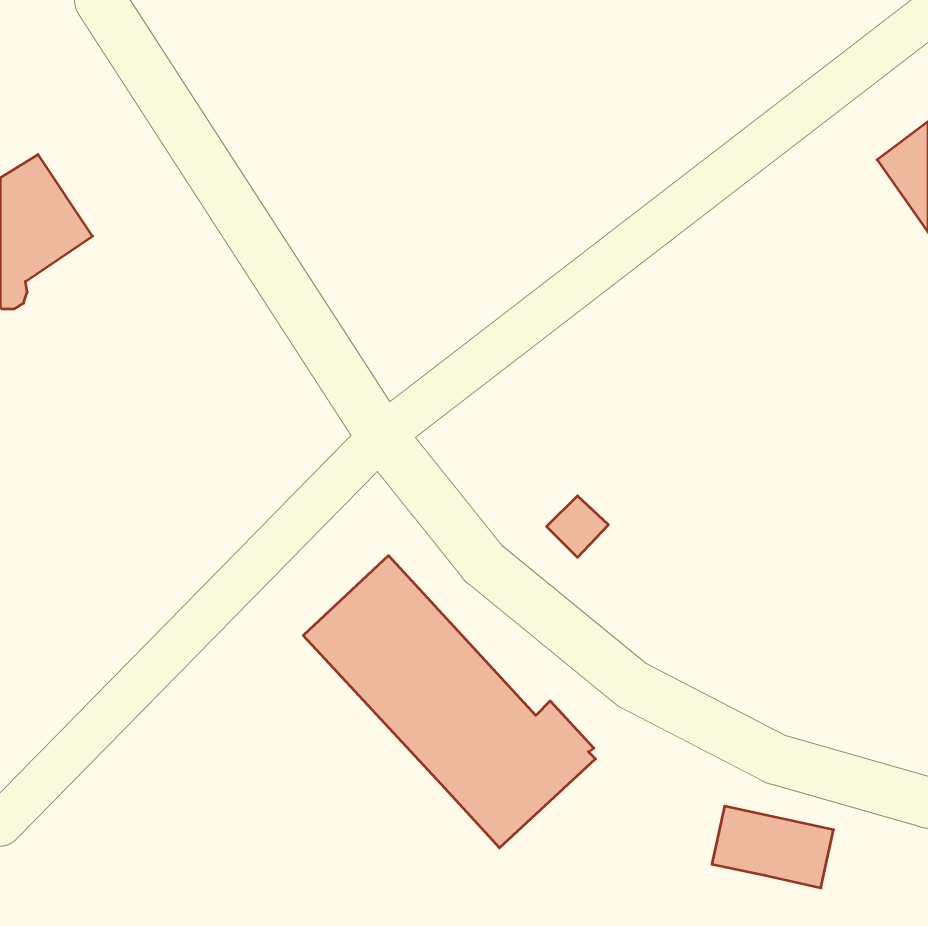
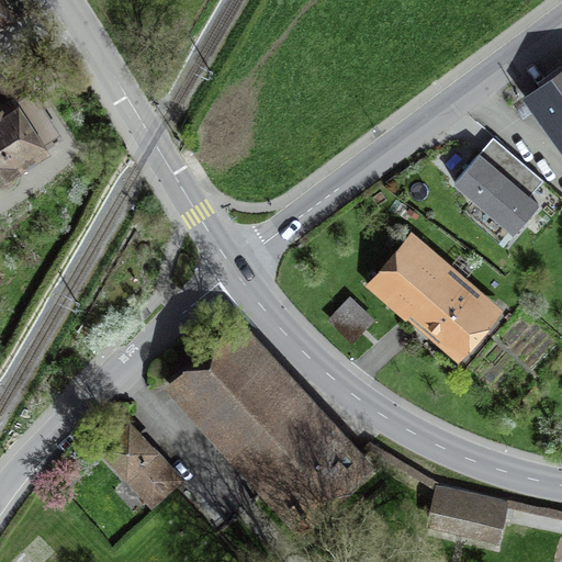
building: none -> [454,143,539,234]
building: none -> [369,236,486,348]
building: none -> [104,431,168,502]

